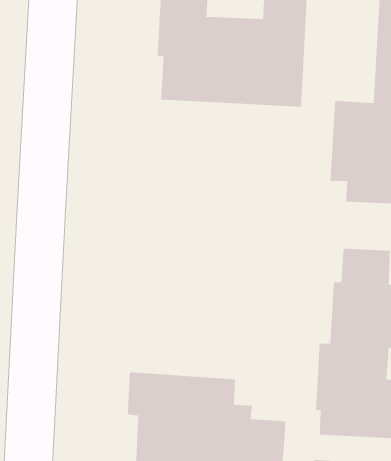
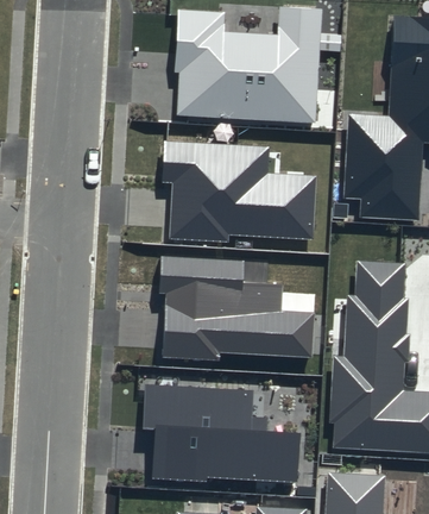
building: none -> [162,142,317,242]
building: none -> [159,257,316,362]

